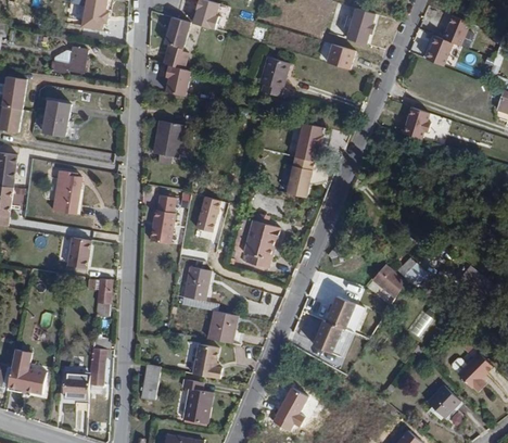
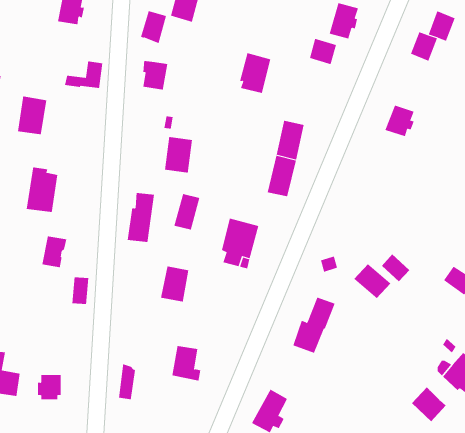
building: [162,43,189,66] -> none
building: [49,46,87,73] -> [64,61,103,89]
building: [152,121,180,156] -> [164,137,193,173]
building: [206,309,240,344] -> none
building: [89,347,107,384] -> none
building: [182,378,213,423] -> none

